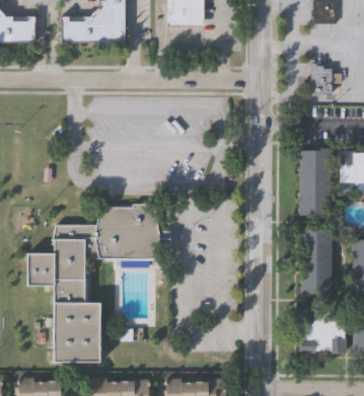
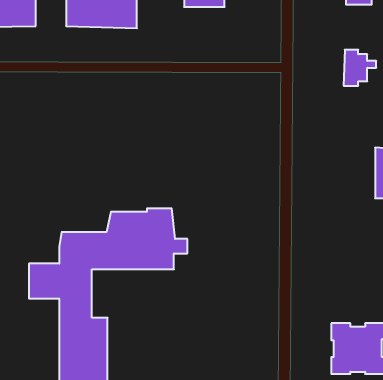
building: [301,149,332,219] -> none
building: [302,228,334,298] -> none

